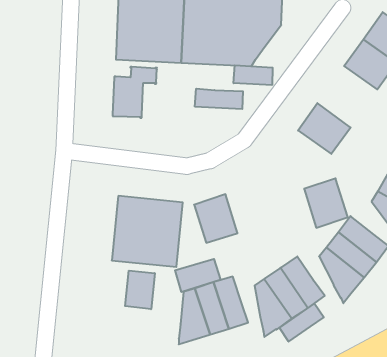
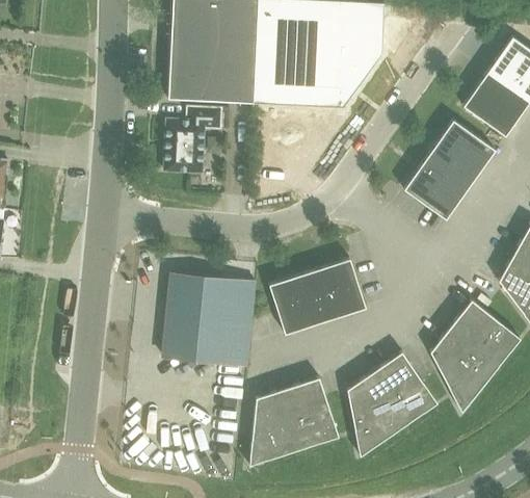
building: [234,65,273,85] -> none
building: none -> [428,121,496,186]
building: [195,89,243,109] -> none
building: [304,178,348,228] -> [310,259,366,322]
building: [175,259,221,292] -> none
building: [125,271,155,309] -> none
building: [279,303,324,342] -> none

